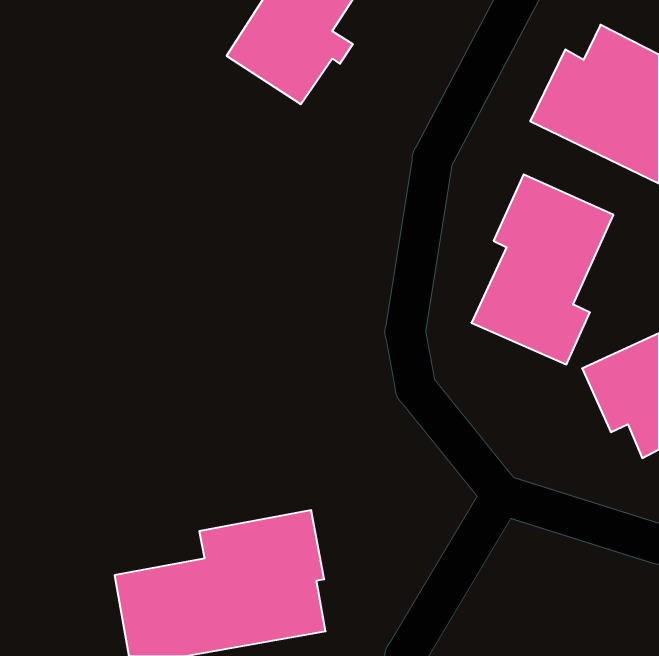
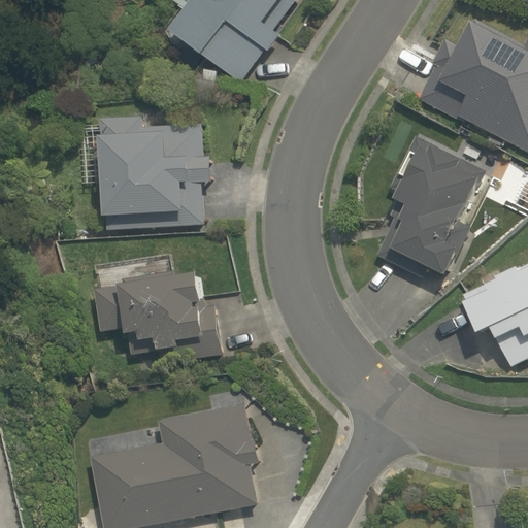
building: none -> [105,125,216,220]
building: none -> [94,274,218,355]

